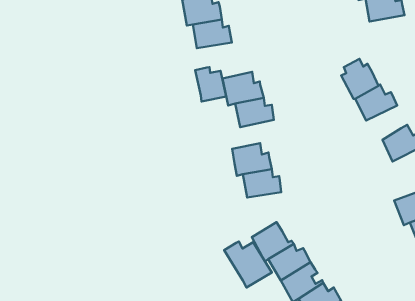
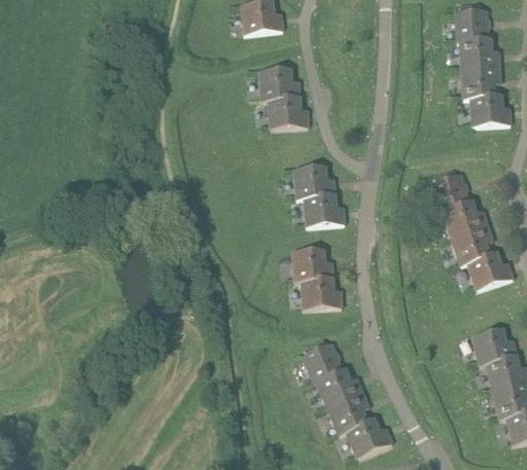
building: [195,67,226,101] -> none
building: none -> [451,226,494,265]
building: [224,241,272,287] -> none

